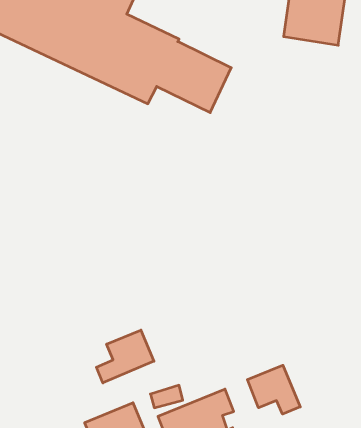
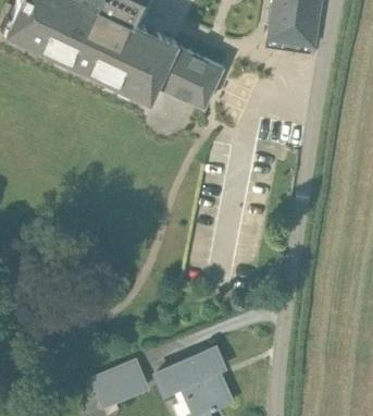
building: [96,330,154,383] -> none
building: [247,365,300,414] -> none

